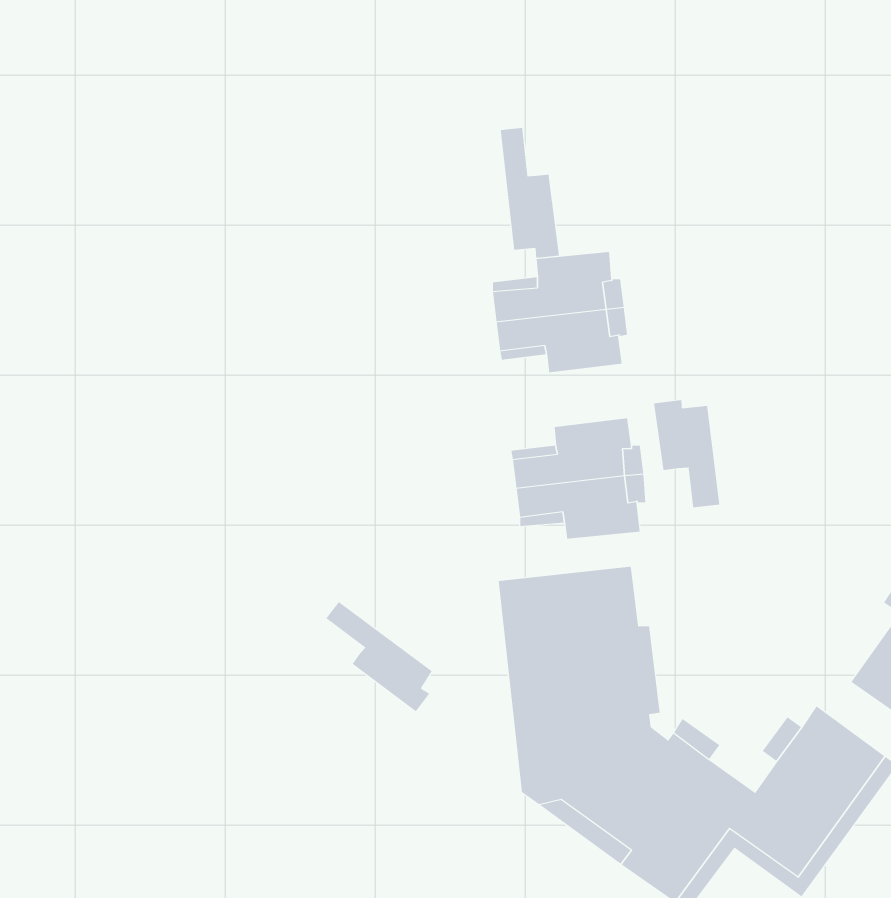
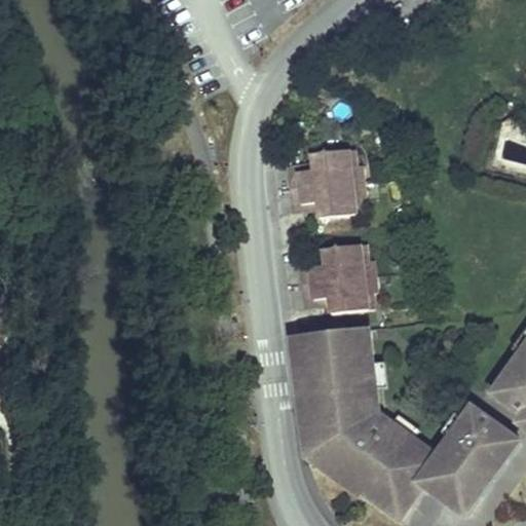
building: [500,127,560,259] -> none
building: [653,399,720,508] -> none
building: [326,601,433,712] -> none

